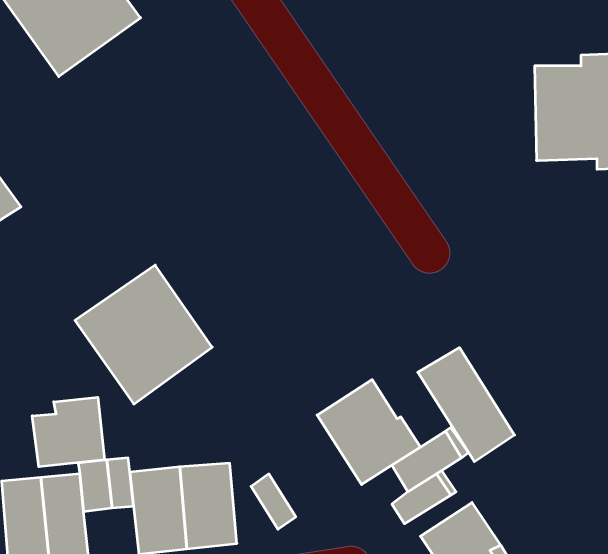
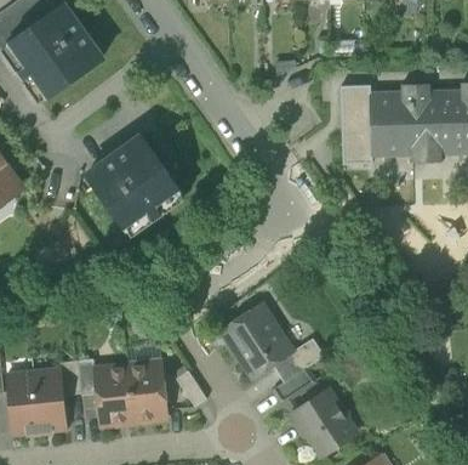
building: none -> [341,84,372,164]
building: [75,265,212,404] -> [87,136,181,231]
building: [418,348,515,462] -> none
building: [32,397,105,467] -> none

